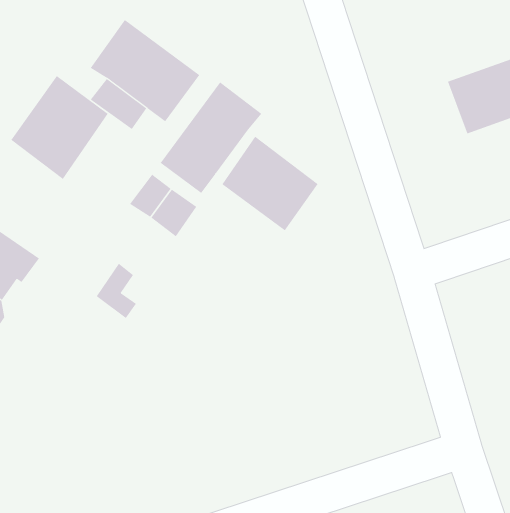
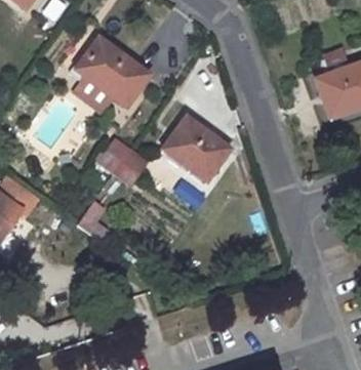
building: [10,75,109,180] -> none
building: [160,81,262,194] -> none

